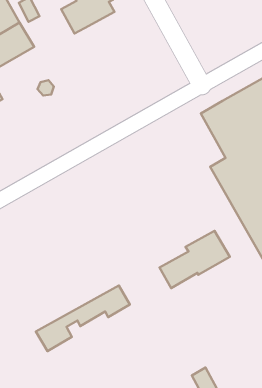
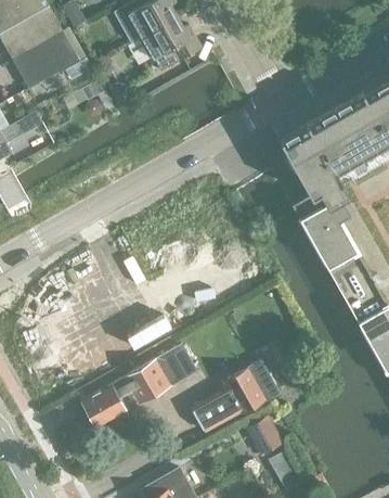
building: none -> [140,17,200,72]
building: [159,231,230,288] -> [194,361,278,431]
building: none -> [244,414,283,456]

